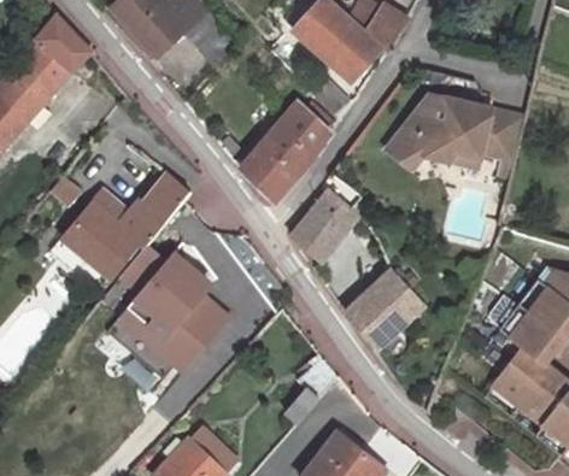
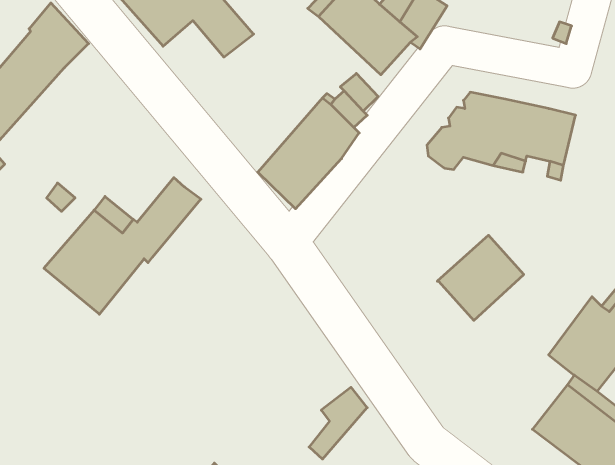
building: [291,190,357,259] -> none
building: [107,242,231,377] -> none
building: [345,270,422,346] -> [437,235,524,320]

